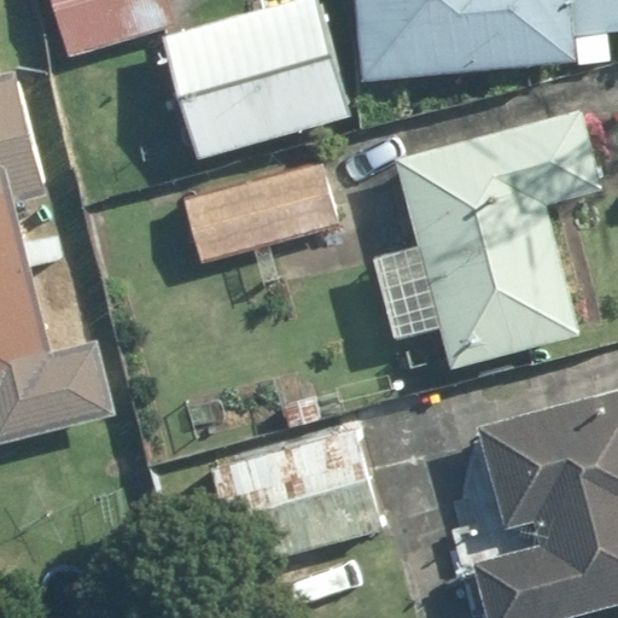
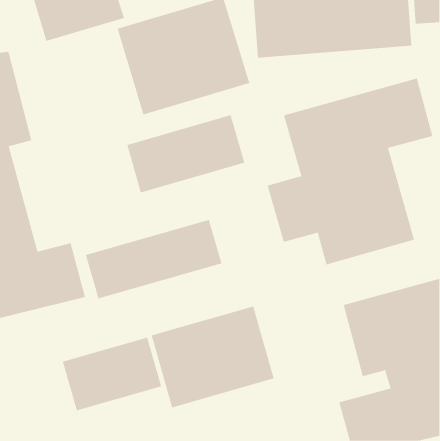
building: none -> [85,219,222,299]
building: none -> [62,337,162,411]

